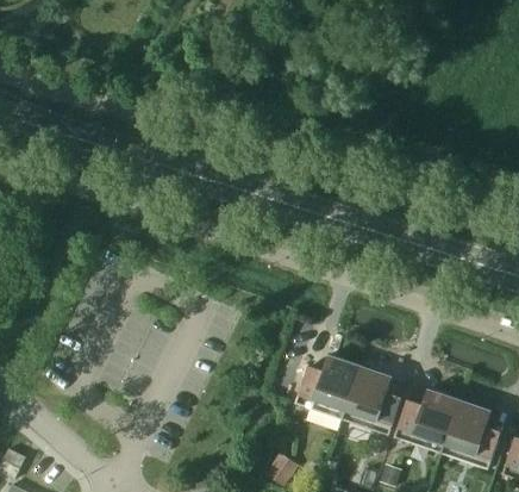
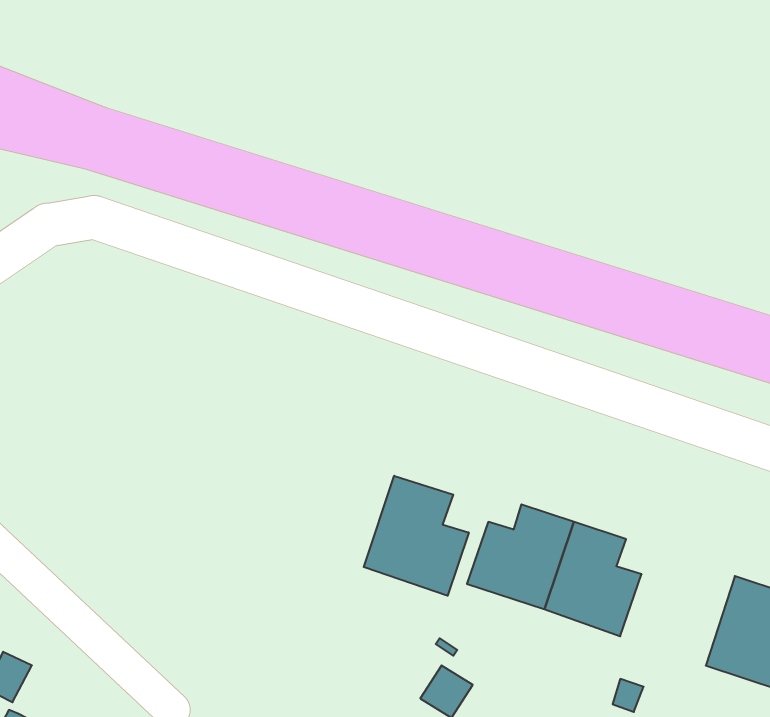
building: none -> [364,476,469,596]
building: [393,390,458,455] -> none

